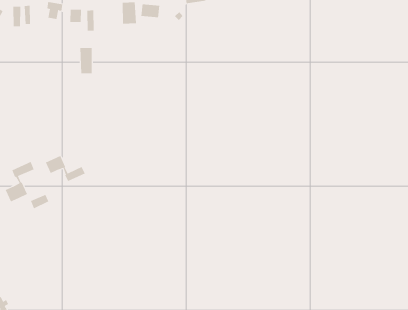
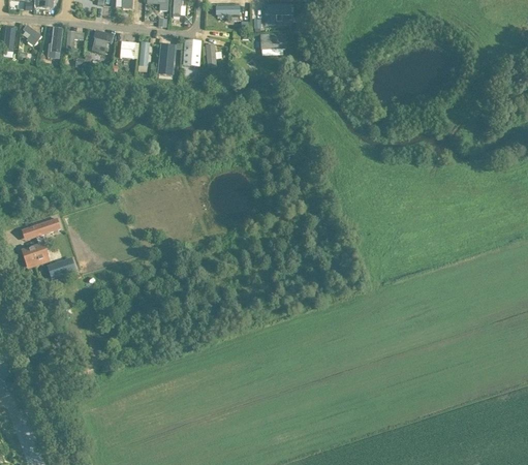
building: [79,48,93,74] -> [158,43,176,76]
building: [45,155,85,182] -> none

